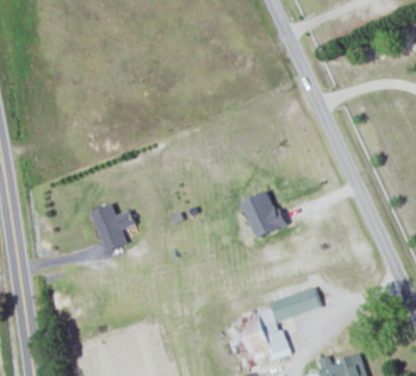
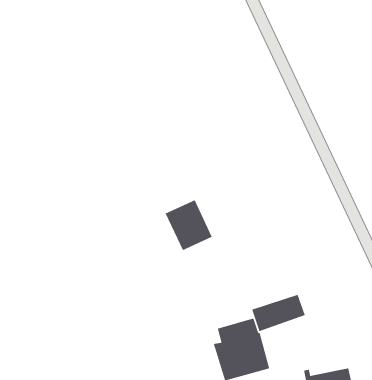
building: [240,189,285,238] -> [165,199,213,251]
building: [91,202,134,250] -> none

